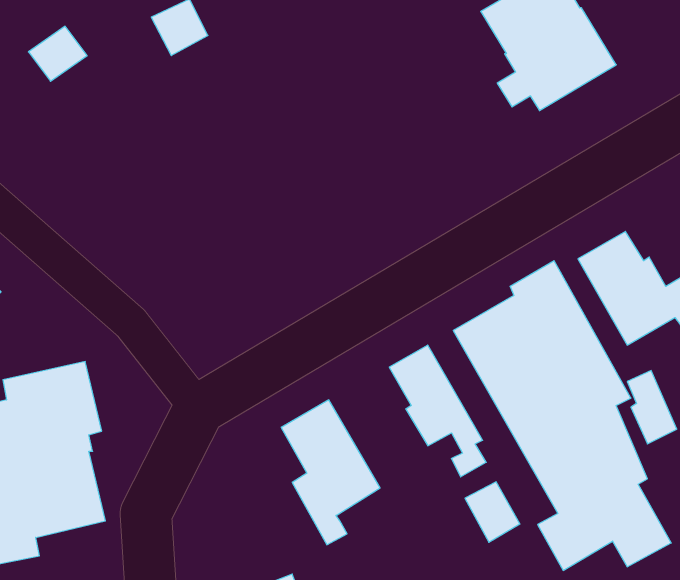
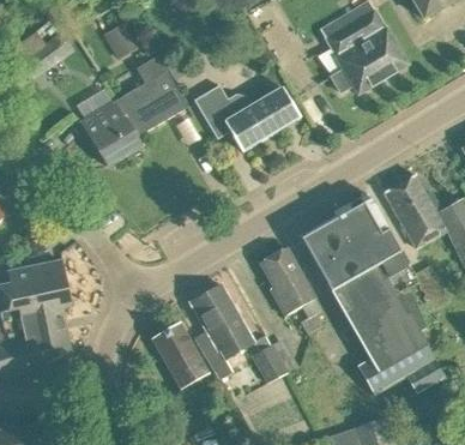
building: none -> [80,55,192,166]
building: none -> [193,84,301,151]
building: none -> [152,320,209,389]
building: [465,482,520,542] -> [252,343,288,383]

